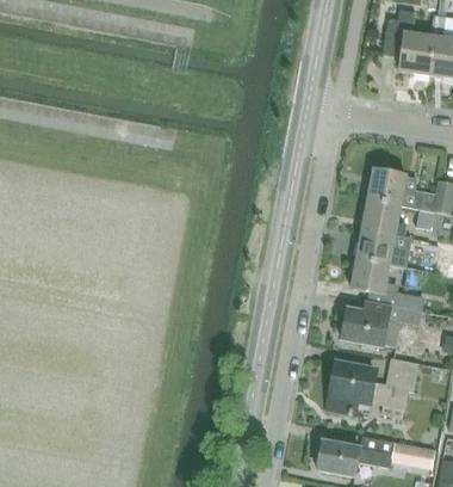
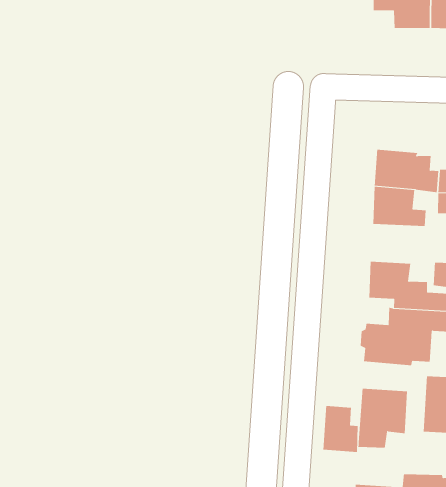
building: [355,229,410,267] -> none
building: none -> [323,405,358,453]

